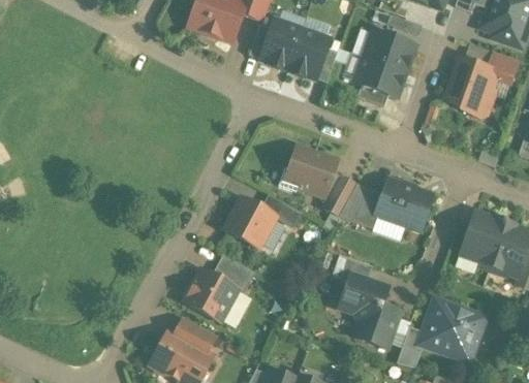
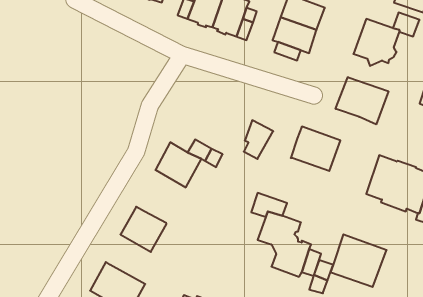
building: none -> [336,77,388,124]
building: [279,148,336,195] -> none
building: [339,185,383,228] -> none
building: [212,254,255,293] -> none
building: [174,317,216,353] -> none

